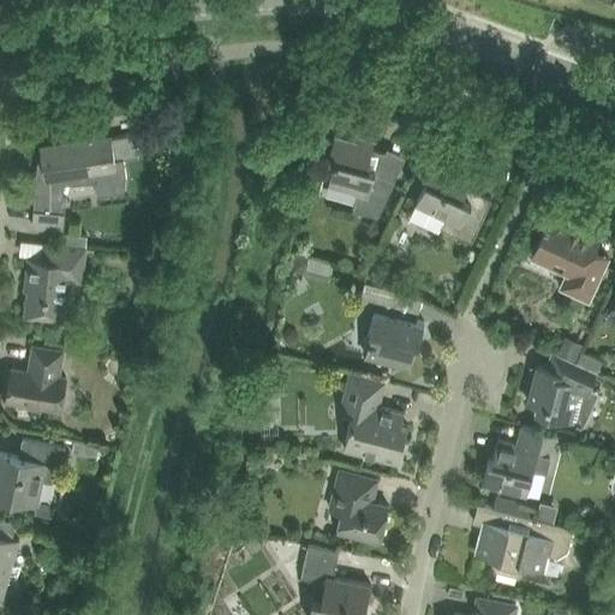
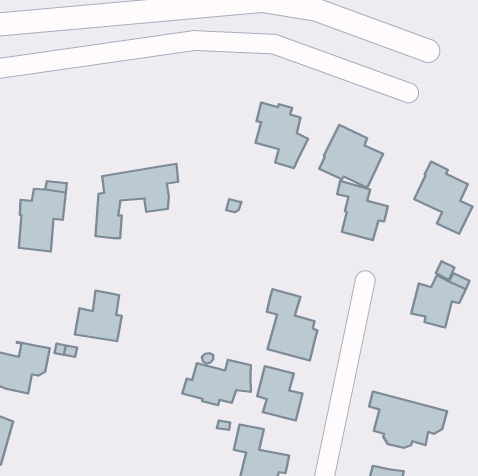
building: [31,137,137,232] -> [96,164,178,238]
building: [358,293,423,369] -> [337,181,388,240]
building: [5,348,65,413] -> [75,290,122,341]
building: [480,429,559,498] -> none
building: none -> [182,360,251,405]

